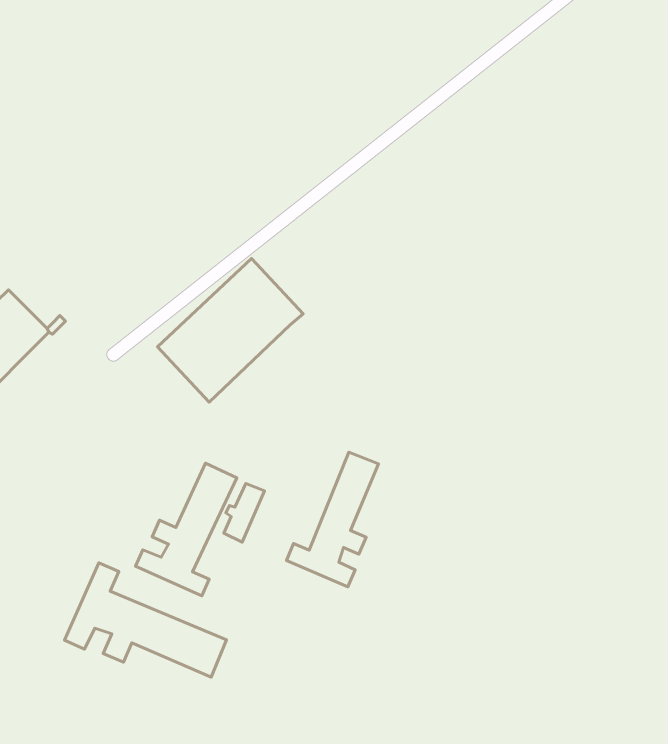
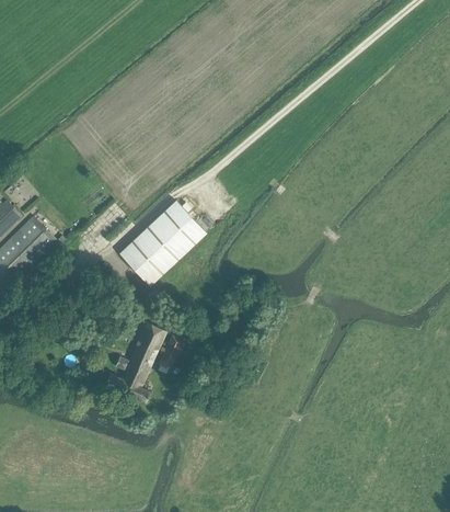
building: [286,452,378,587] -> none
building: [64,563,227,677] -> none

